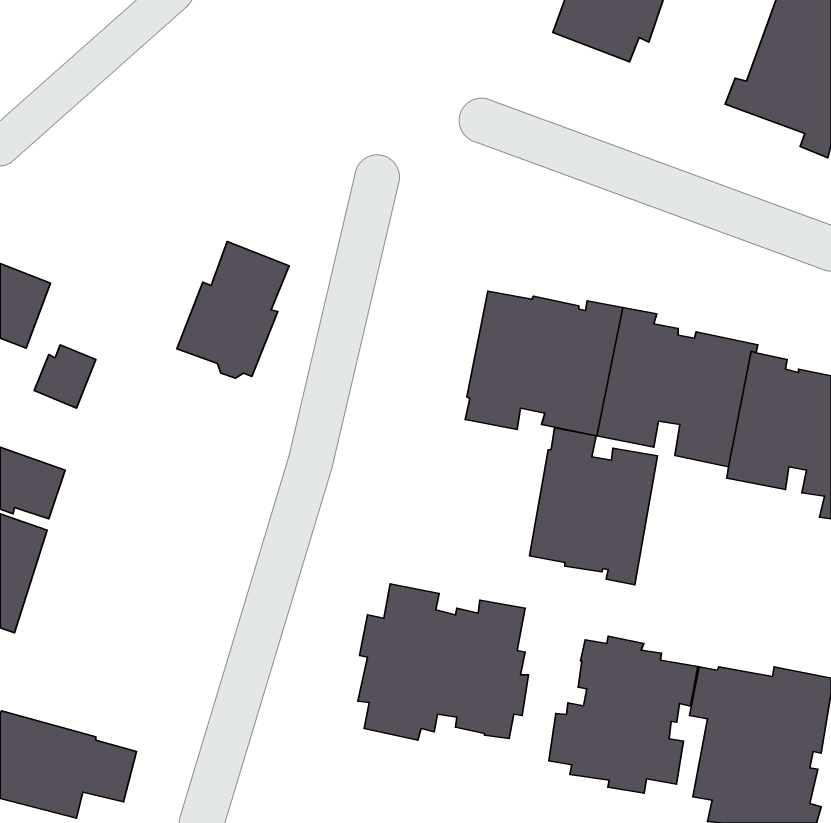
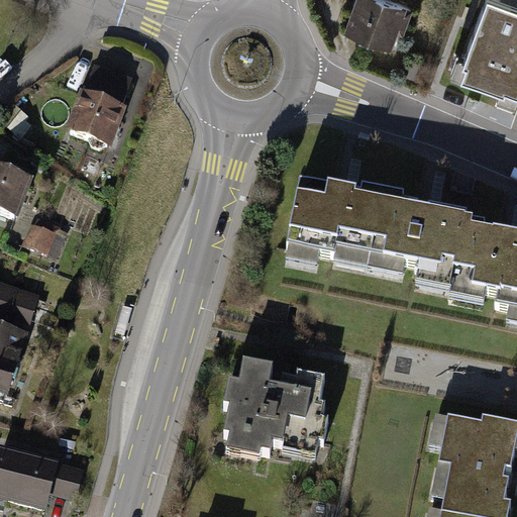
building: [177,242,289,378] -> [63,61,132,145]
building: [529,428,658,585] -> none
building: [549,636,698,793] -> none

